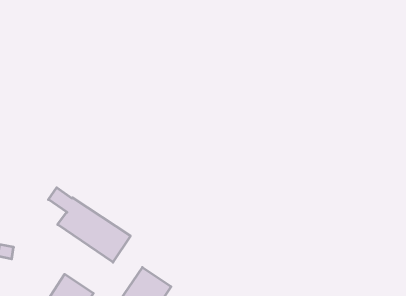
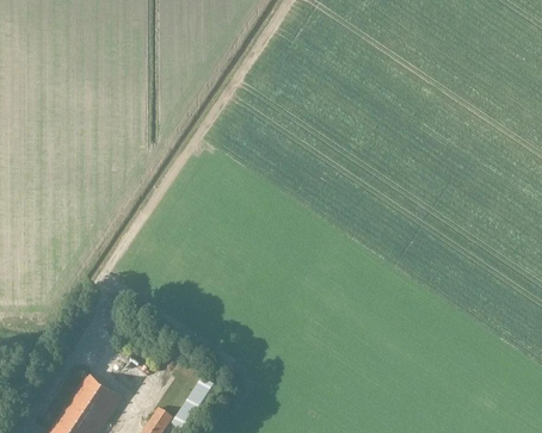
building: [48,188,130,262] -> none

